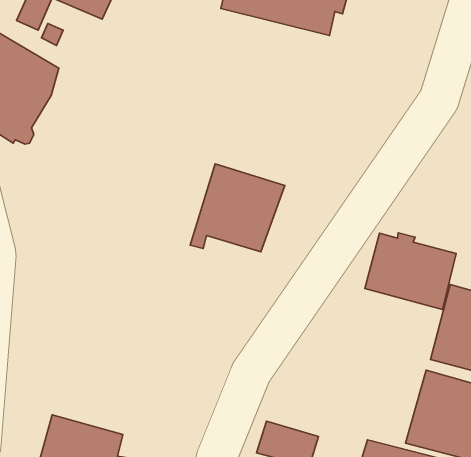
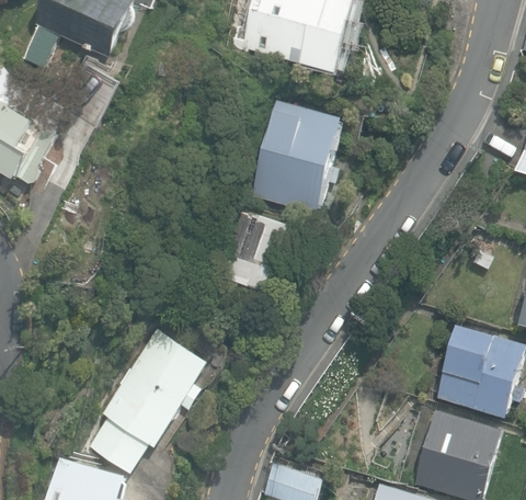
building: none -> [248,99,344,223]
building: [365,233,456,310] -> none
building: none -> [87,330,207,474]

